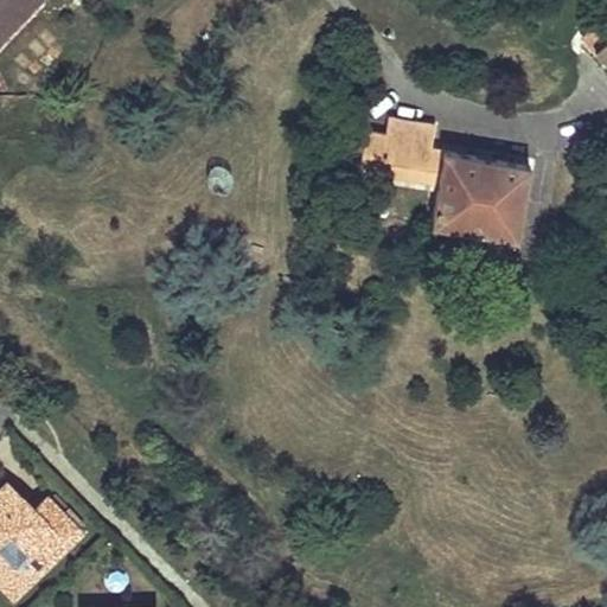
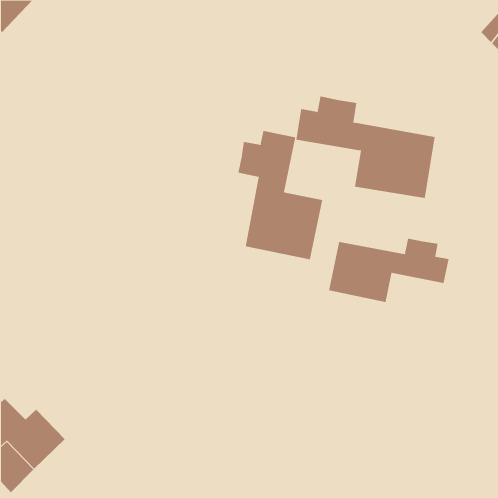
building: none -> [238,130,323,260]
building: none -> [328,238,449,303]

